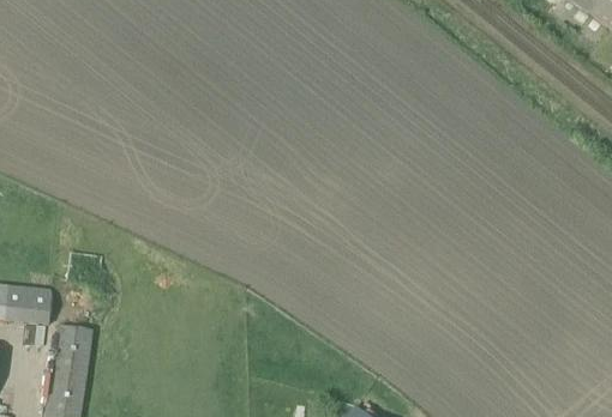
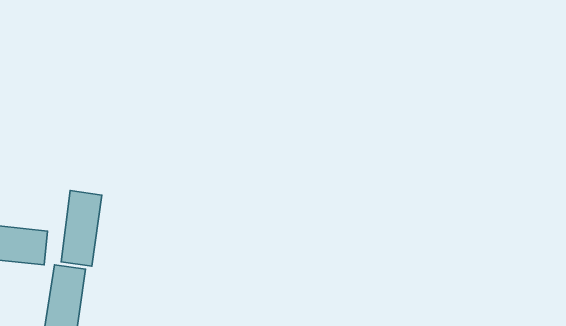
building: none -> [61,191,102,266]

